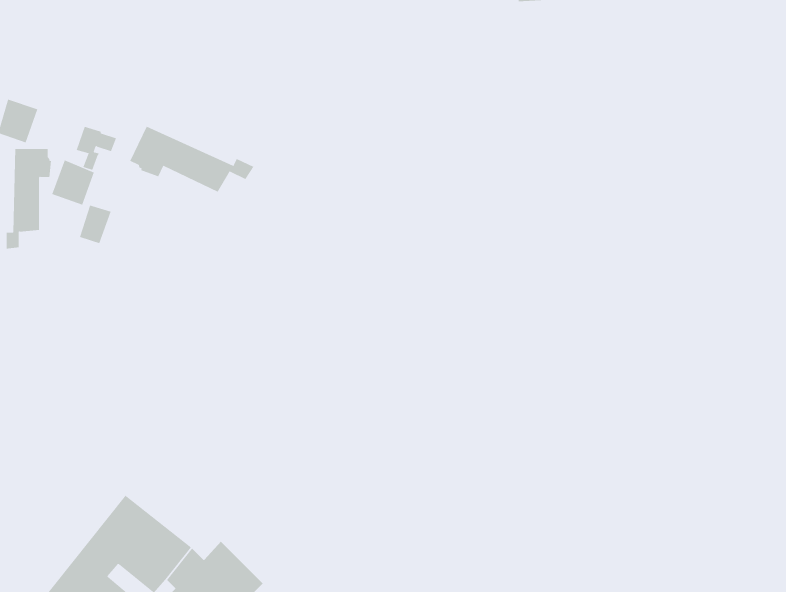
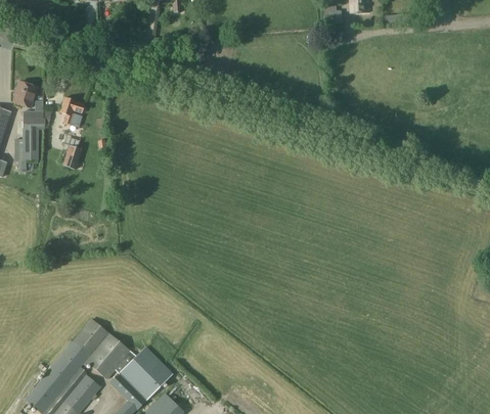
building: [130,126,254,193] -> none
building: [52,160,94,205] -> none

